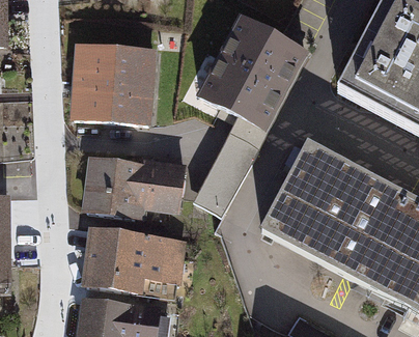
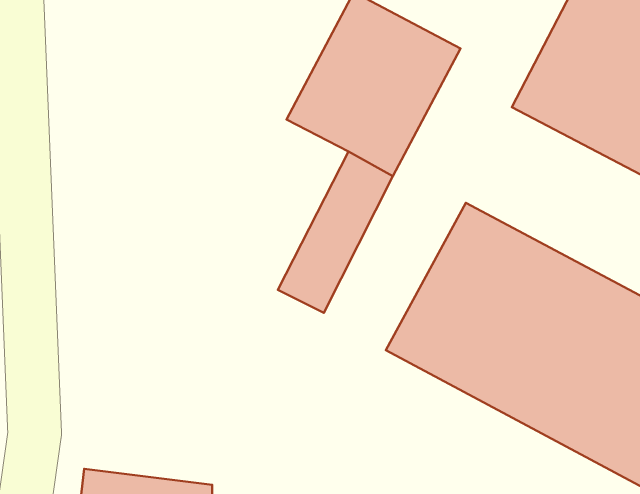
building: [76,45,153,121] -> none
building: [87,159,184,217] -> none
building: [87,229,187,297] -> none

